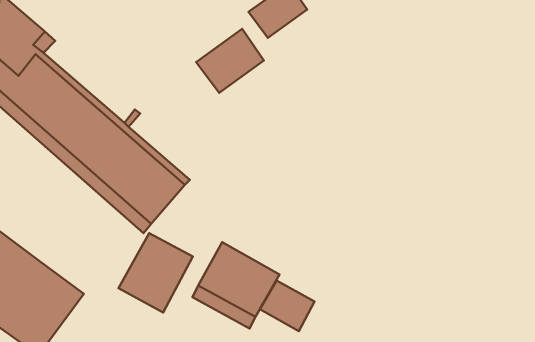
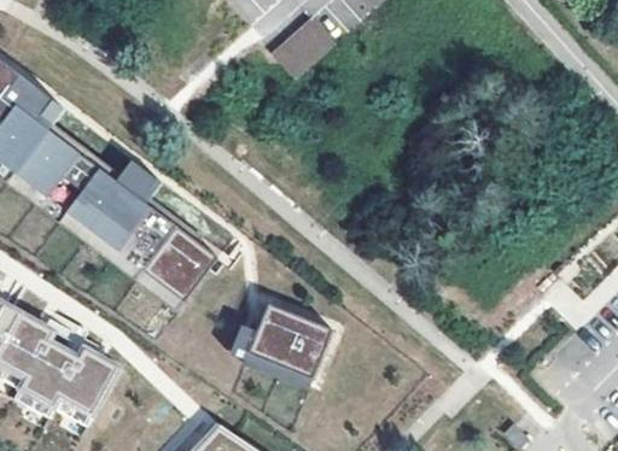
building: [196,29,264,93] -> none
building: [118,233,193,313] -> none
building: [260,280,314,331] -> none

